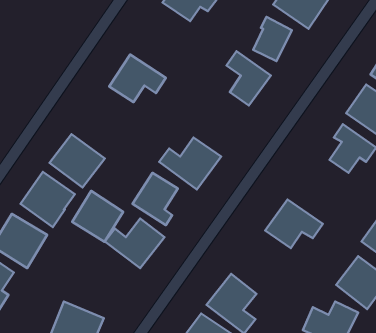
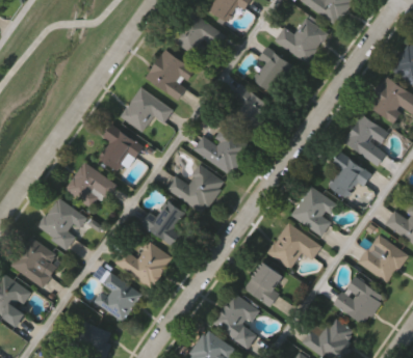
building: none -> [146,50,196,100]
building: none -> [195,125,253,175]
building: none -> [99,127,141,174]
building: none -> [291,186,340,236]
building: [72,191,123,242] -> [94,273,141,321]
building: none -> [243,263,284,307]

